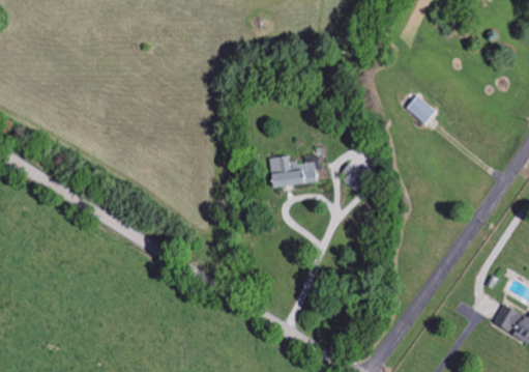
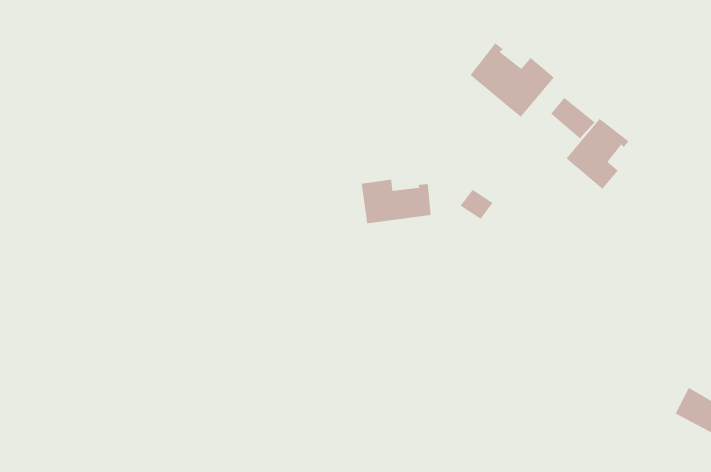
building: none -> [469,42,555,118]
building: none -> [565,118,630,190]

